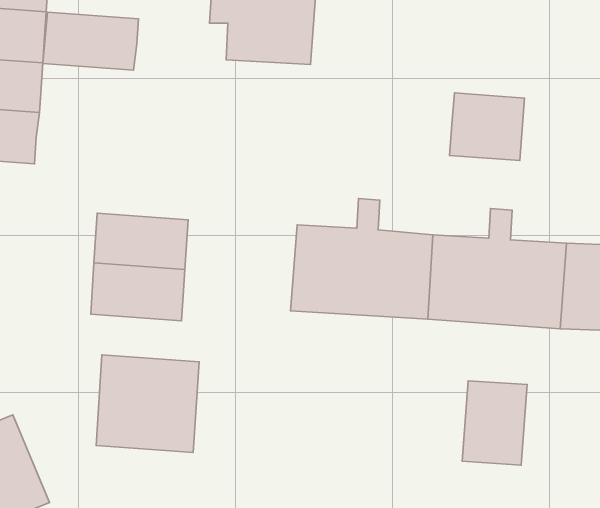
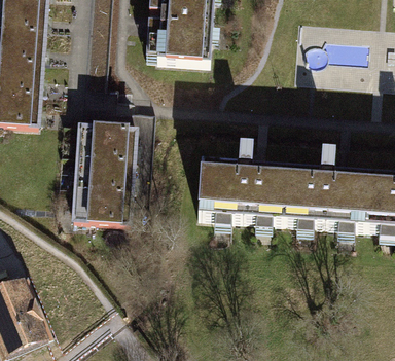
building: [43,12,139,70] -> [77,122,137,158]
building: [449,93,525,161] -> none
building: [96,355,199,452] -> none
building: [462,381,527,465] -> none

